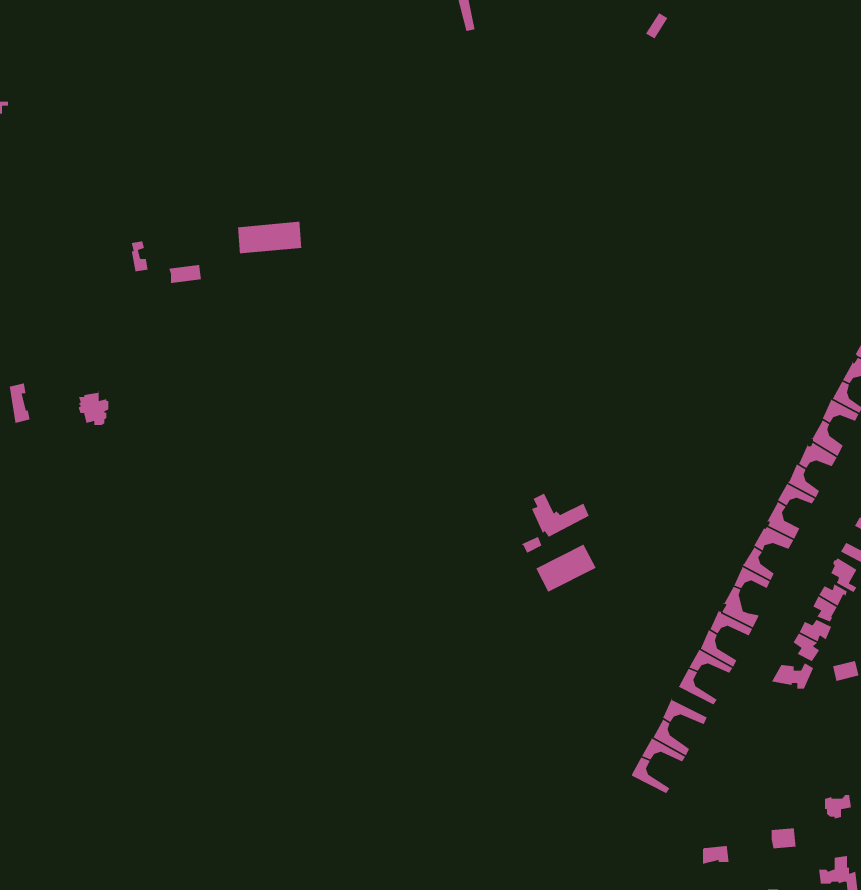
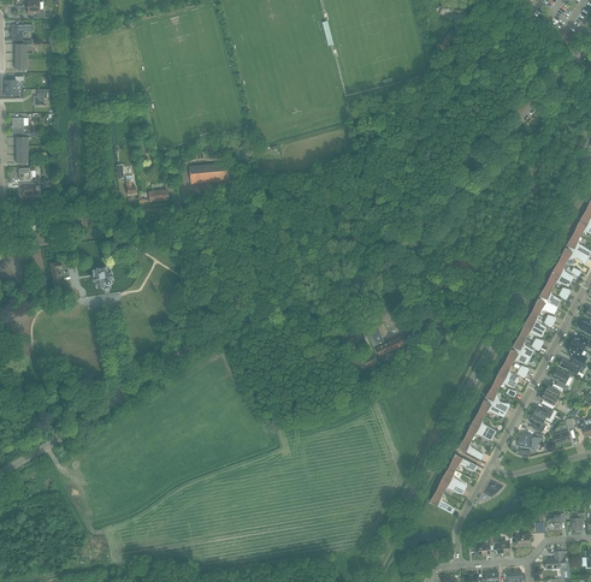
building: [535,544,597,593] -> none

